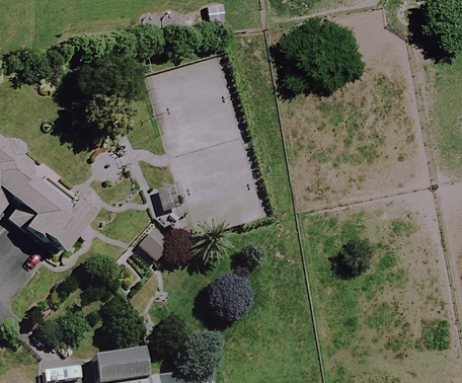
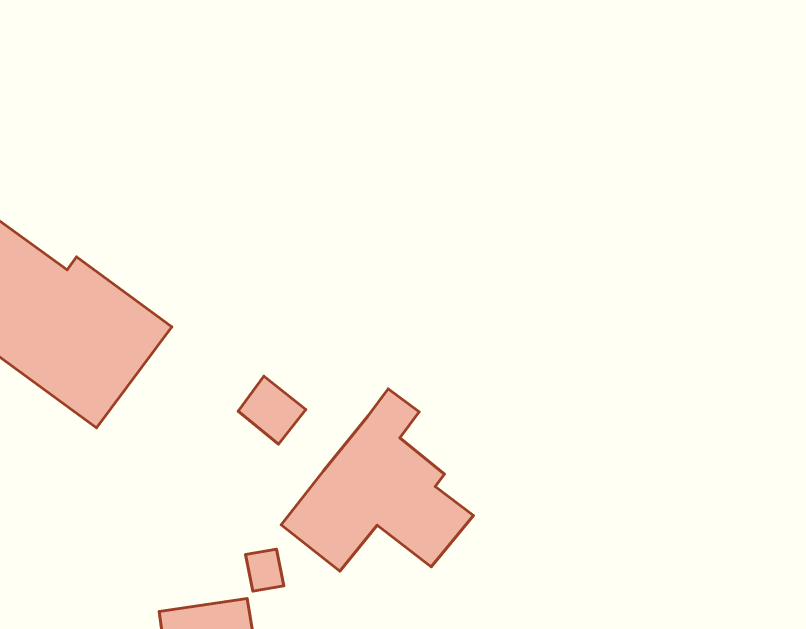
building: none -> [281,389,474,571]

